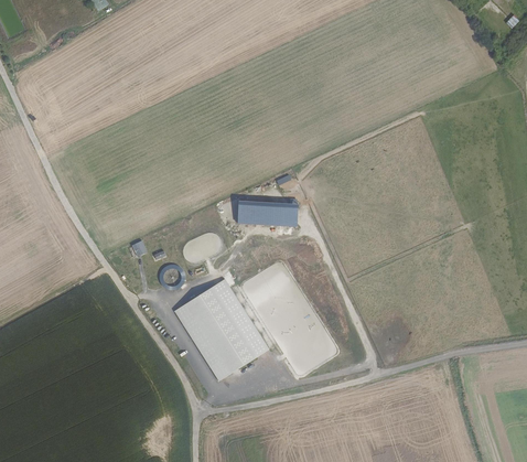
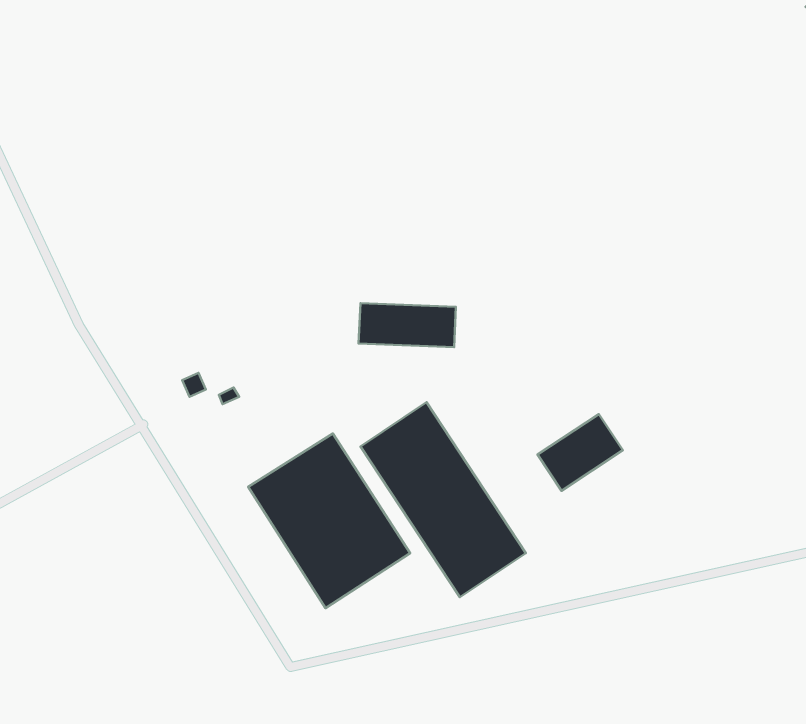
building: none -> [537,414,623,491]

